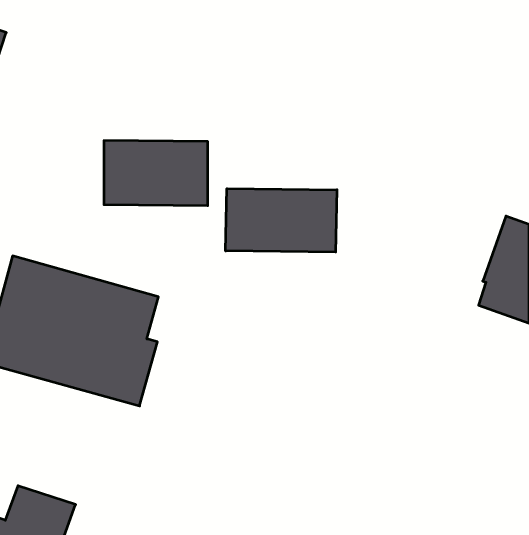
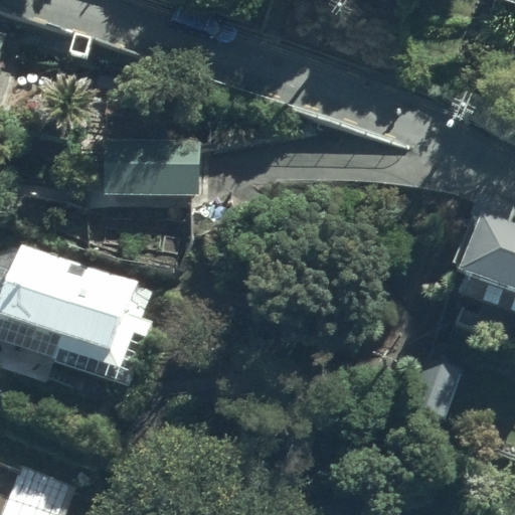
building: [226,189,337,252] -> none

